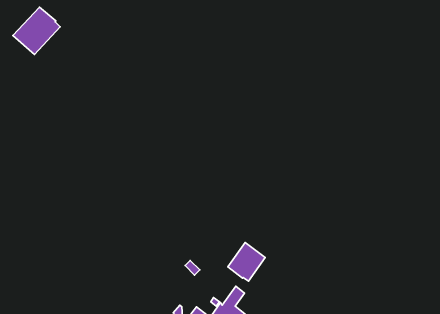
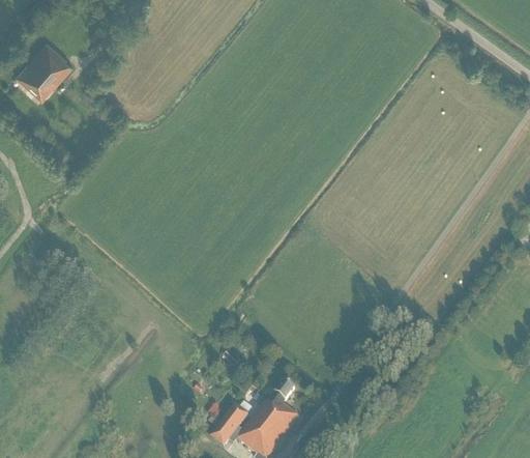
building: [228,242,265,281] -> none

